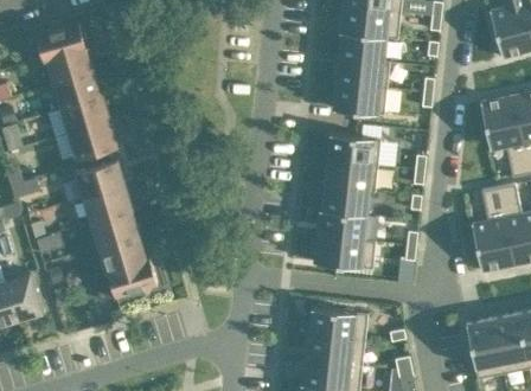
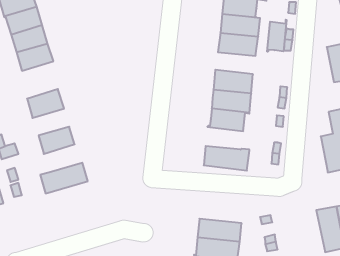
building: none -> [267,20,287,52]
building: [68,121,117,159] -> none
building: [82,185,132,222] -> none
building: [315,210,366,241] -> none
building: [97,233,149,271] -> none
building: [307,307,366,340] -> none

